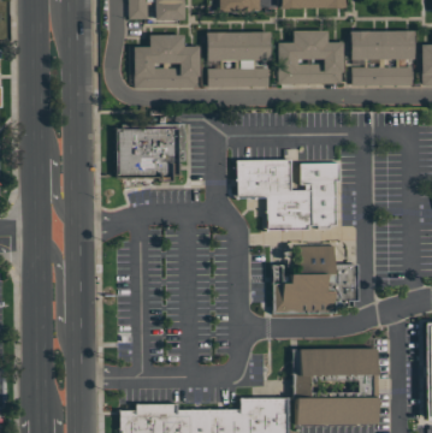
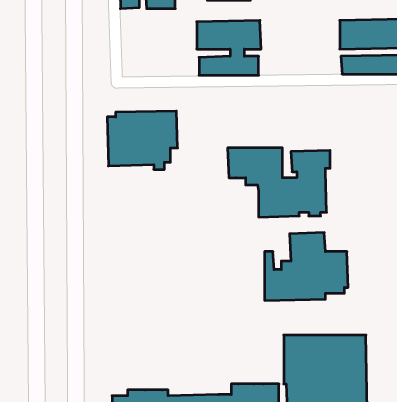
building: [278,30,343,84] -> none
building: [134,34,200,88] -> none

